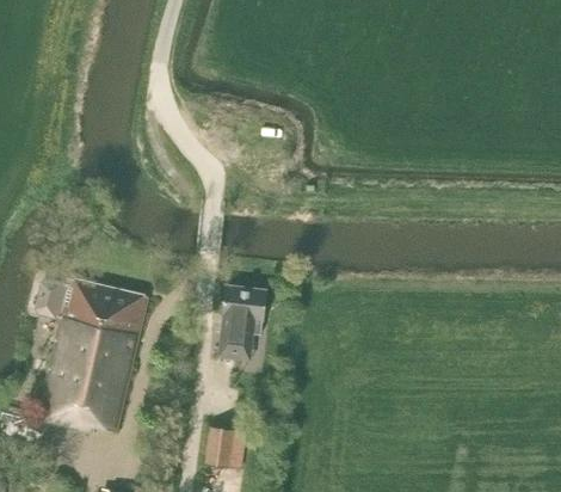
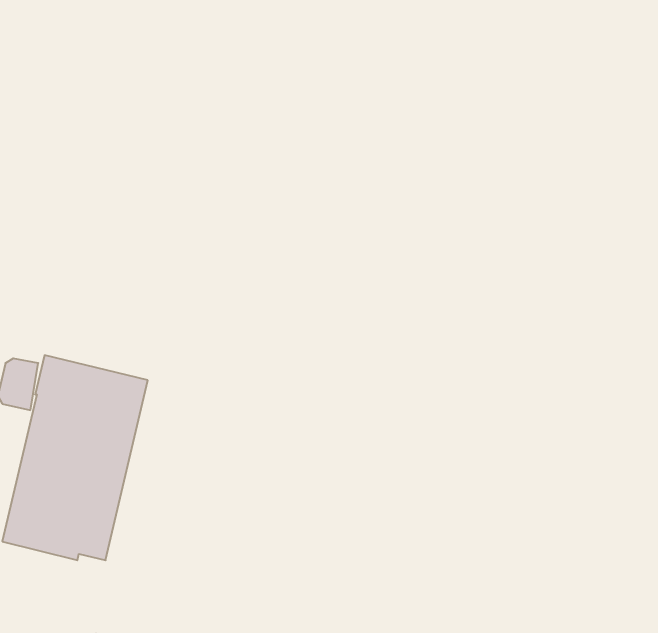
building: [220,285,266,358] -> none
building: [205,424,232,466] -> none

